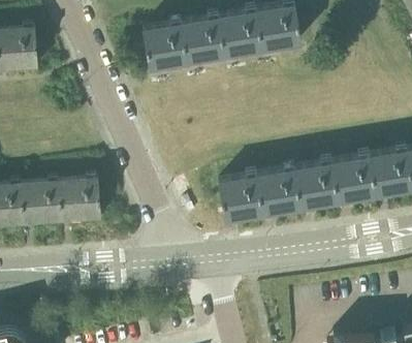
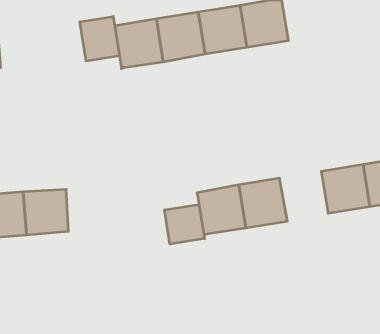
building: none -> [80,16,119,61]
building: [292,162,337,208] -> none
building: none -> [164,204,205,244]

